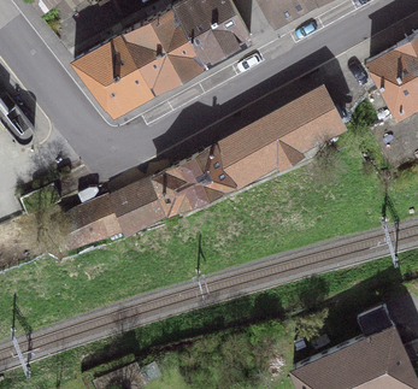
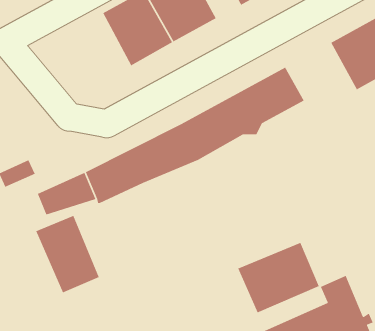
building: [73,33,159,114] -> none
building: none -> [35,215,100,293]
building: none -> [237,242,320,314]

